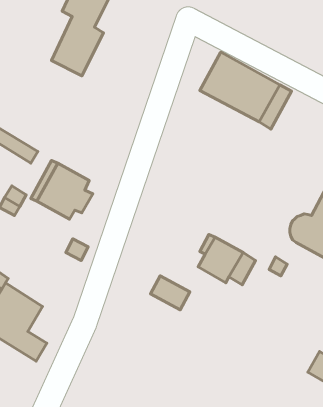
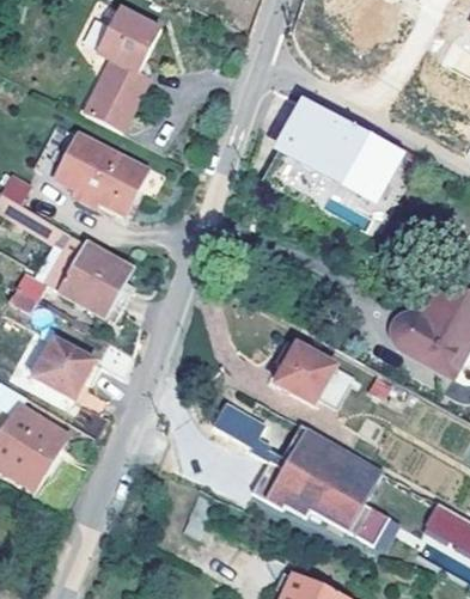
building: none -> [38,126,148,213]
building: none -> [35,342,93,402]
building: none -> [254,423,386,537]

